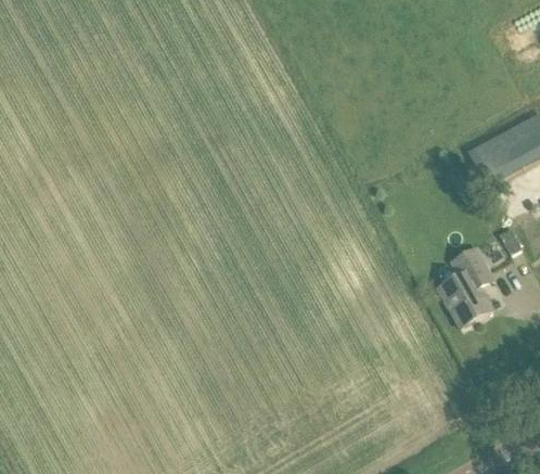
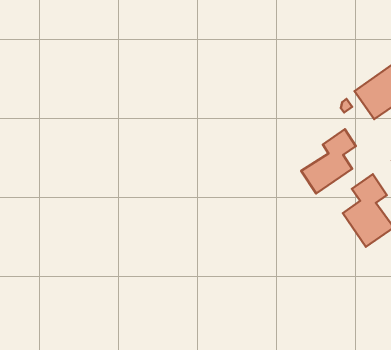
building: none -> [301,129,356,193]

